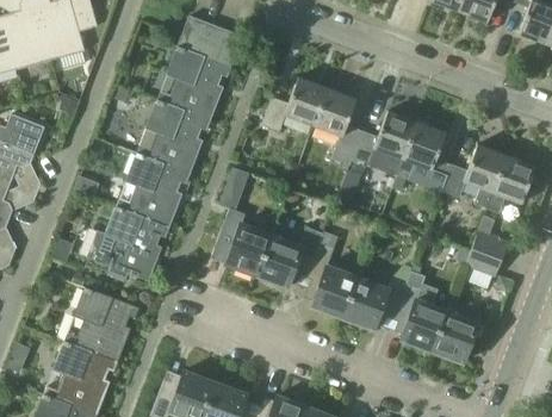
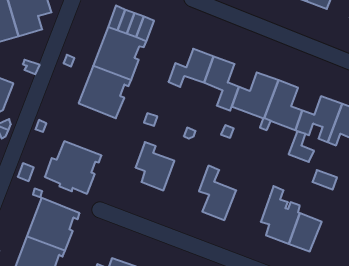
building: [116,154,188,228] -> none
building: [471,216,507,259] -> [289,131,314,162]
building: [255,228,323,287] -> none
building: [341,276,405,330] -> none

